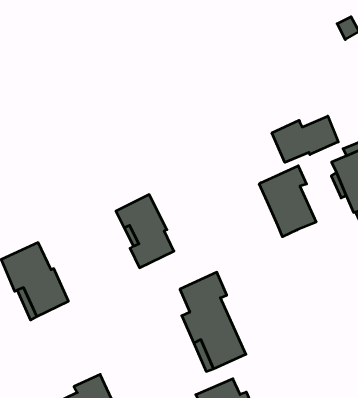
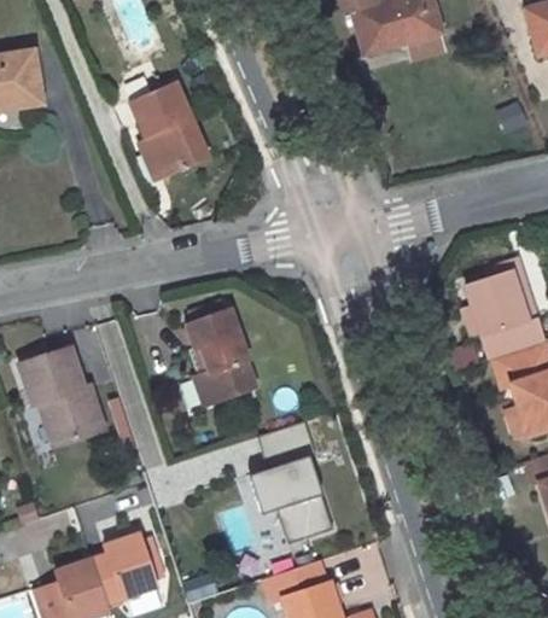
building: none -> [132,82,210,179]
building: [272,116,338,162] -> none
building: [259,166,316,237] -> none

